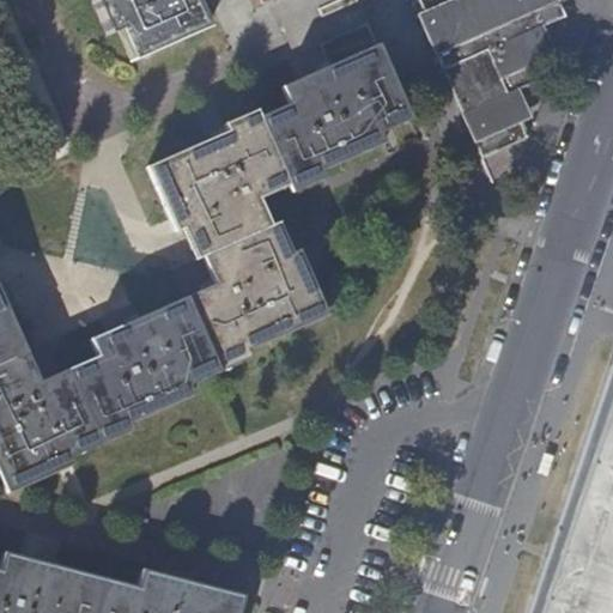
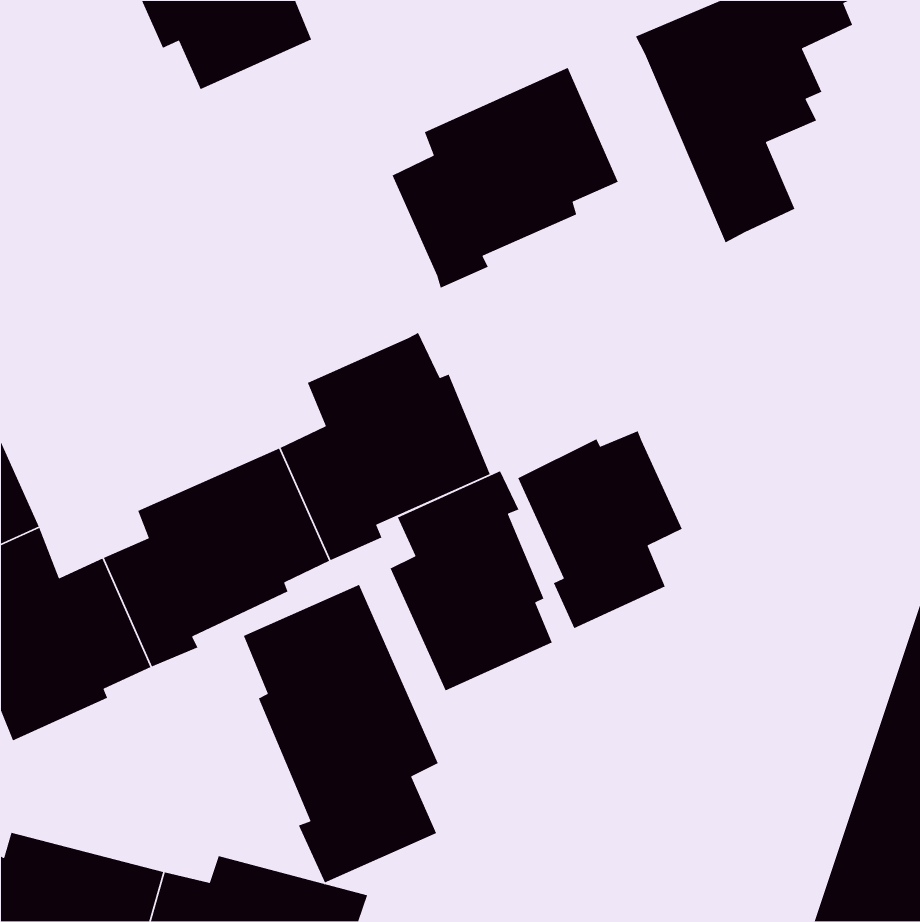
building: [151,107,291,259] -> none
building: none -> [517,430,683,629]
building: none -> [390,470,553,691]
building: none -> [243,584,439,883]

